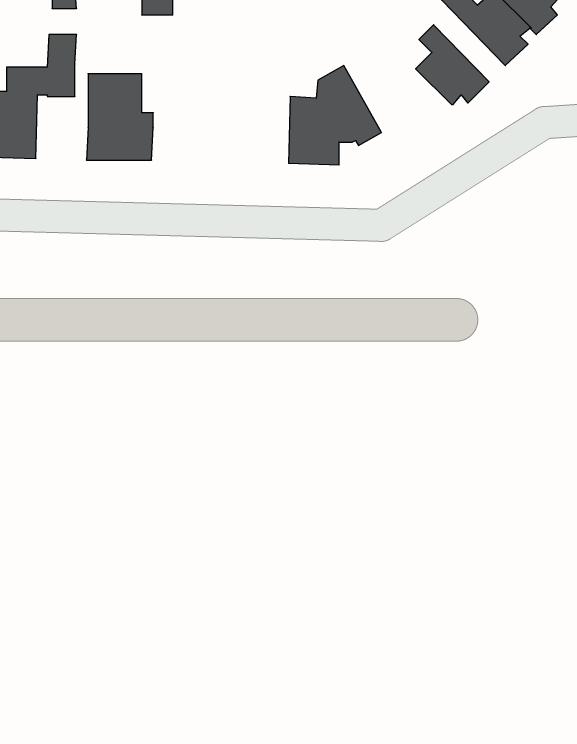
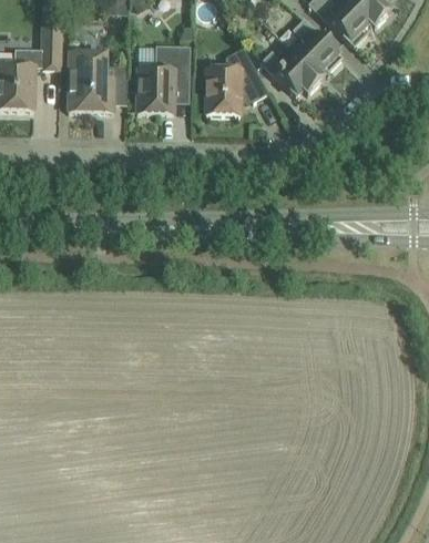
building: none -> [136,44,188,112]
building: none -> [262,49,321,95]

